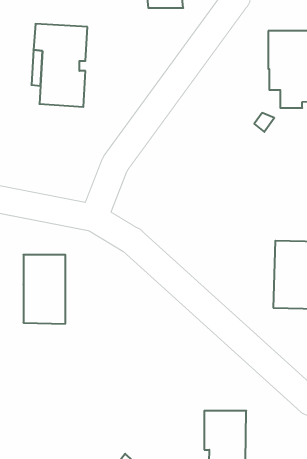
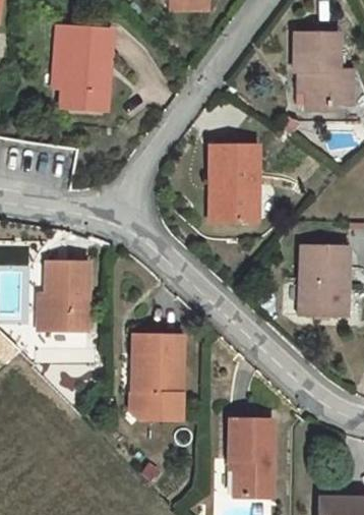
building: none -> [210,146,258,221]
building: none -> [130,334,182,418]

